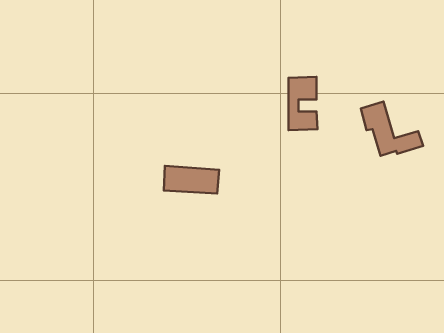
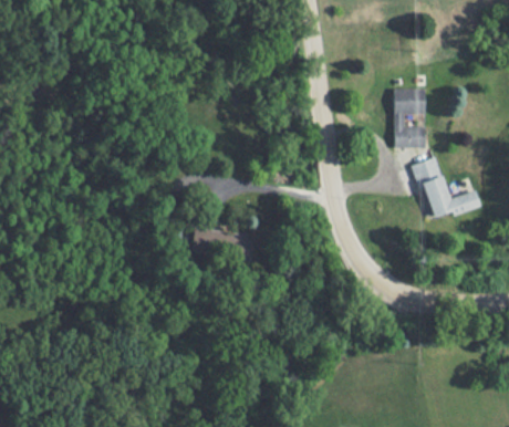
building: [289,77,317,130] -> [394,88,426,148]

